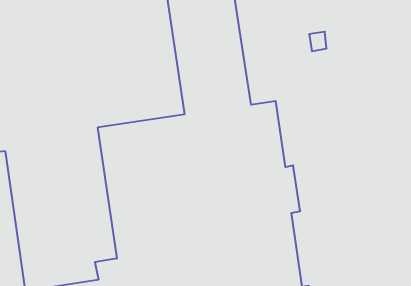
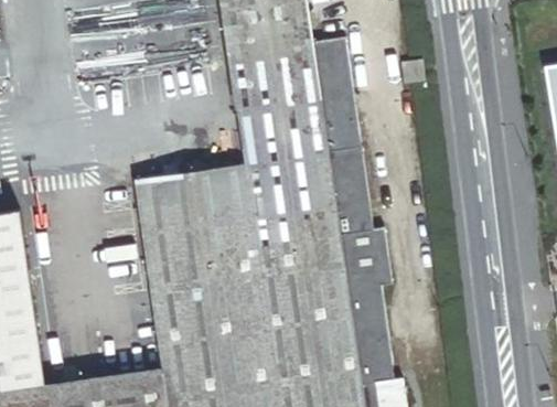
building: none -> [312,38,360,151]

